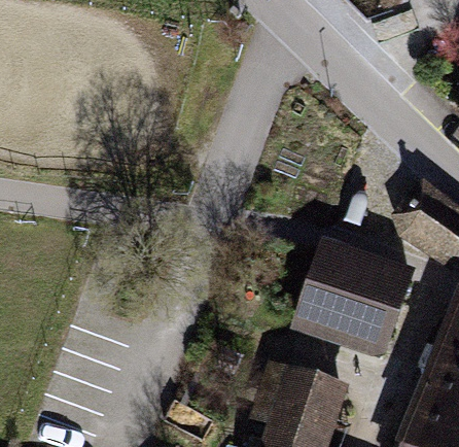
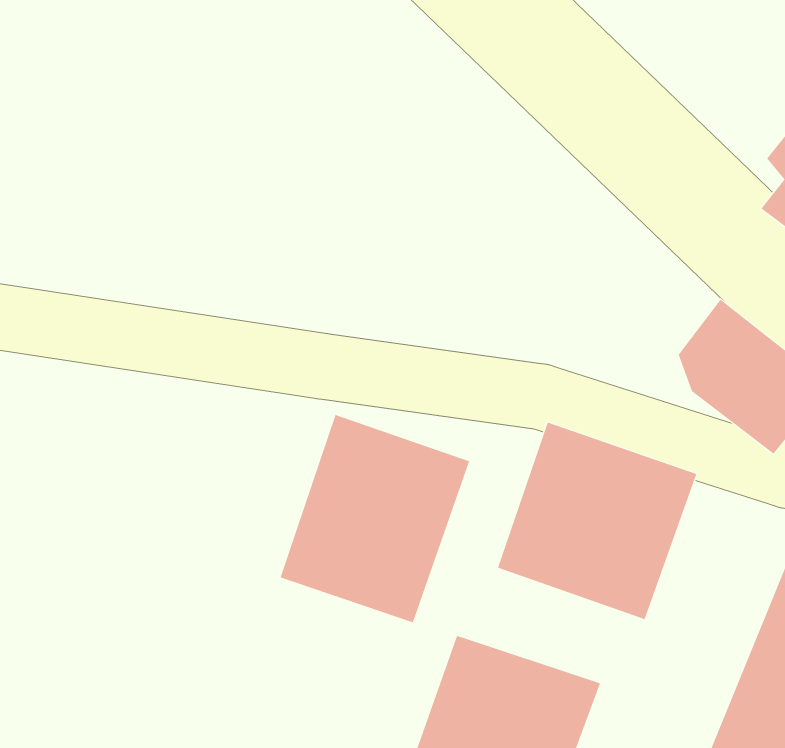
building: none -> [280,414,470,623]

